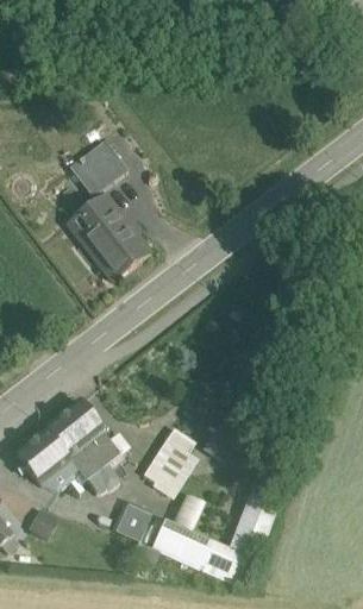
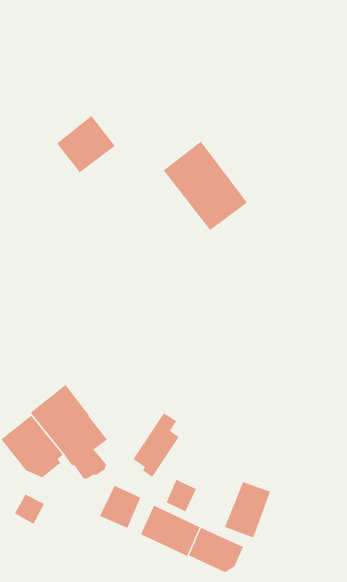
building: [69,194,151,281] -> [163,141,248,231]

